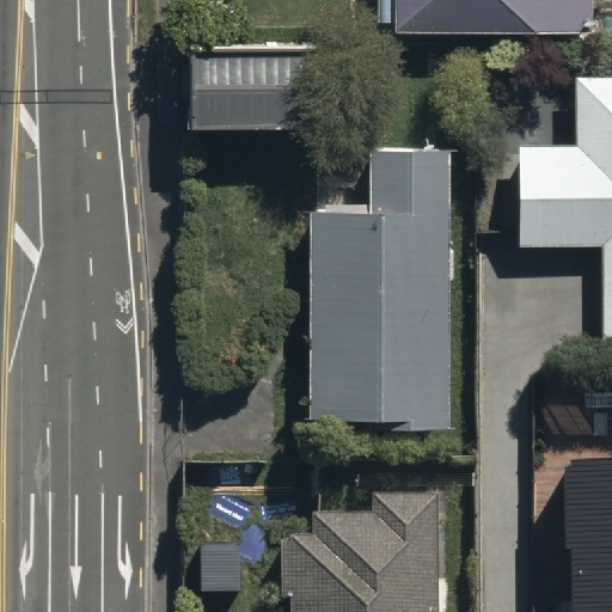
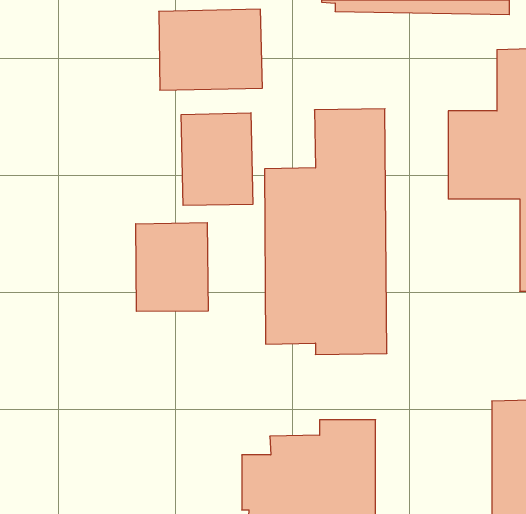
building: none -> [181,113,253,205]
building: none -> [136,223,208,311]

